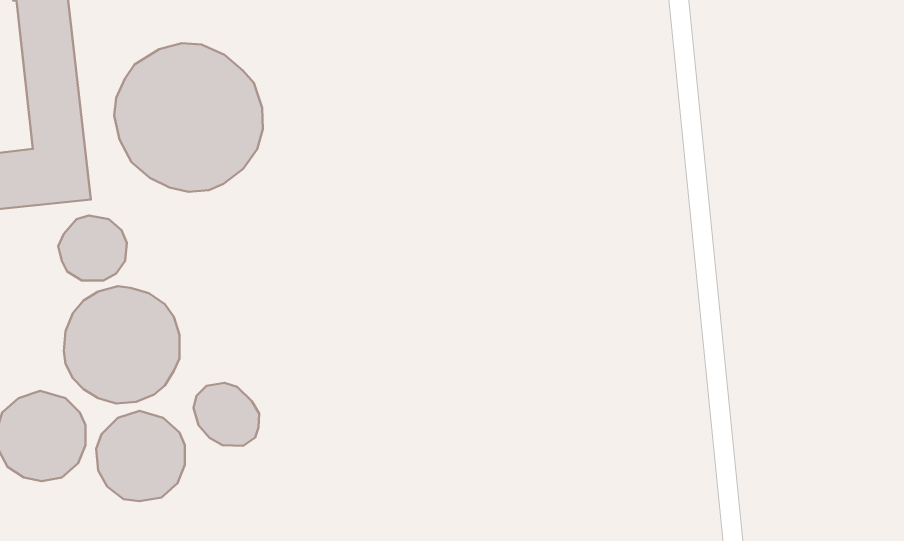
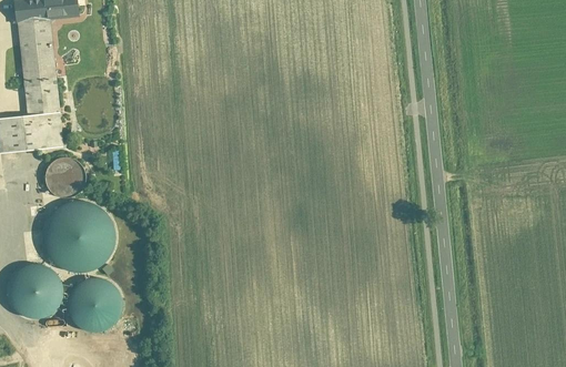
building: [114,43,263,192] -> none
building: [194,383,259,446] -> none

